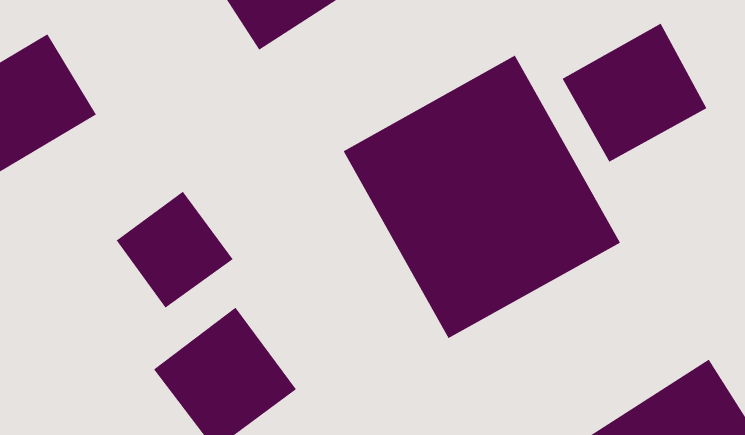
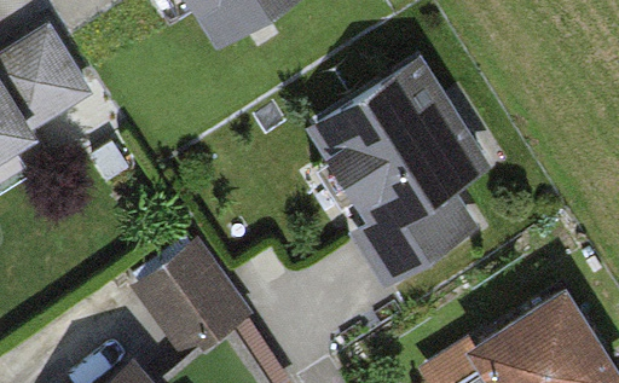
building: [562,23,707,163] -> none
building: [116,191,234,308] -> none

